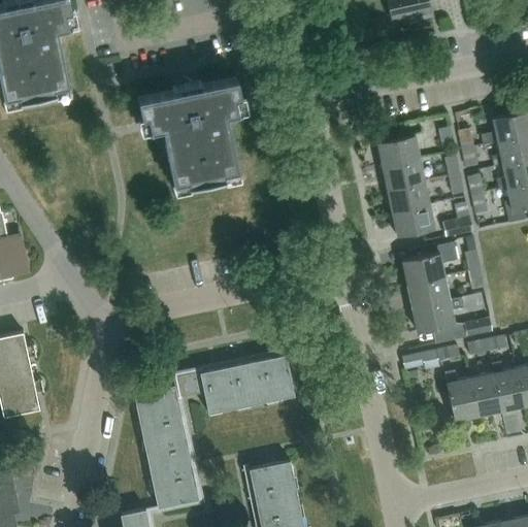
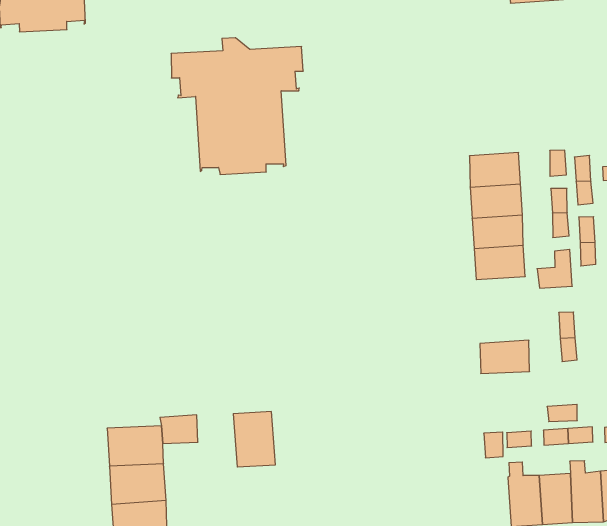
building: [403,242,458,286] -> none
building: [412,299,463,332] -> none
building: [257,356,295,402] -> none
building: [200,368,237,415] -> none

